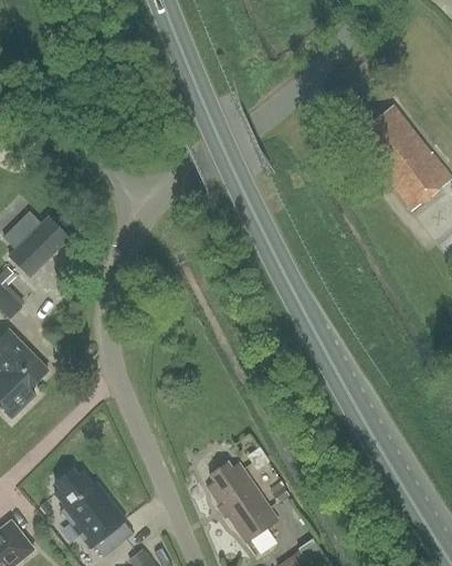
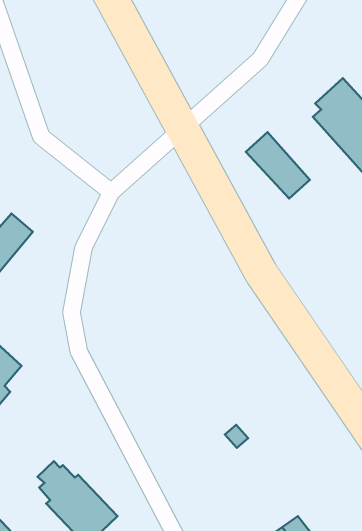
building: none -> [246,132,310,198]
building: [206,462,278,543] -> none

